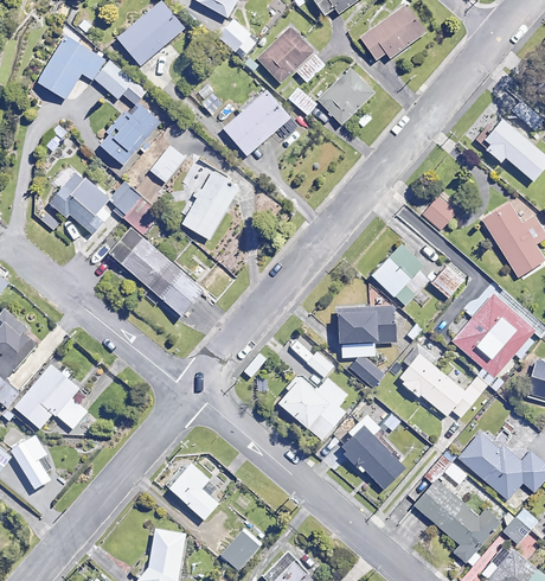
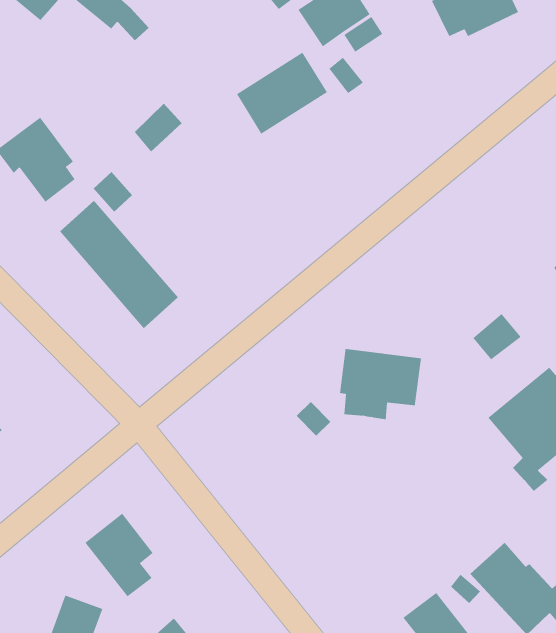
building: [318,68,373,123] -> none
building: [98,102,160,166] -> none
building: [181,170,238,237] -> none
building: [110,179,142,212] -> none
building: [421,196,456,231] -> none
building: [370,242,429,306] -> none
building: [398,352,481,416] -> none
building: [348,356,385,388] -> none
building: [275,372,348,440] -> none
building: [333,413,406,489] -> none

